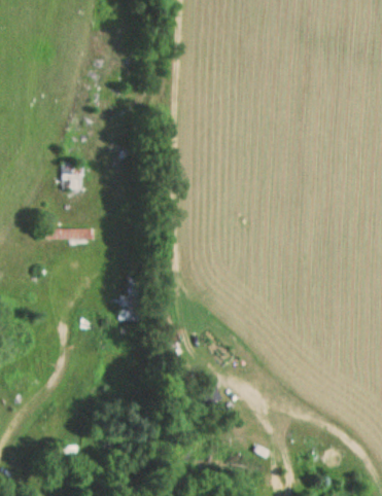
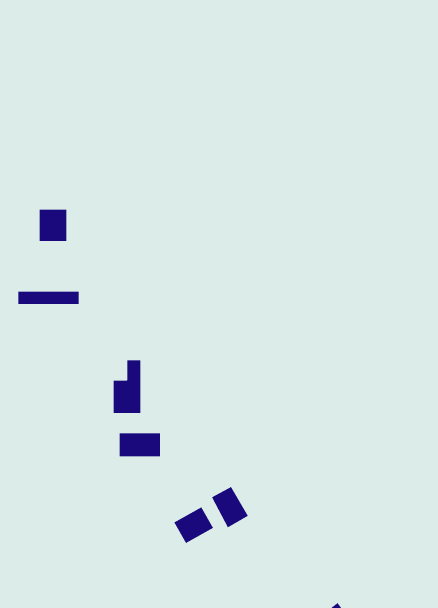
building: none -> [119,432,160,457]
building: none -> [174,507,214,544]

